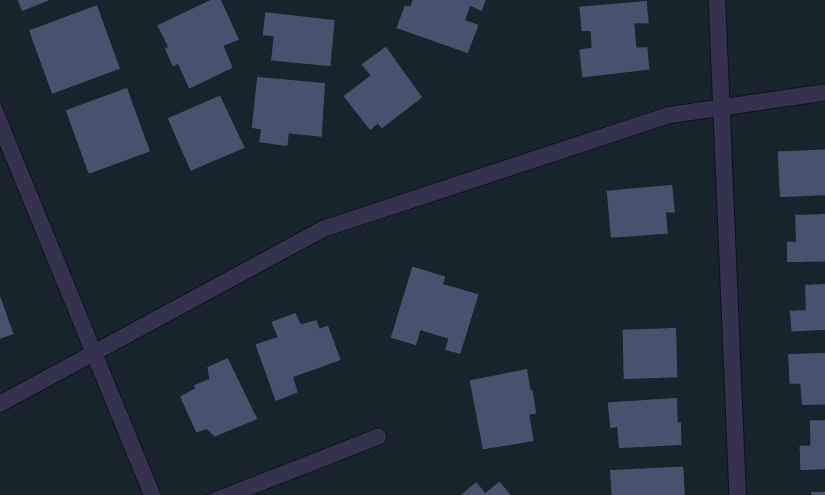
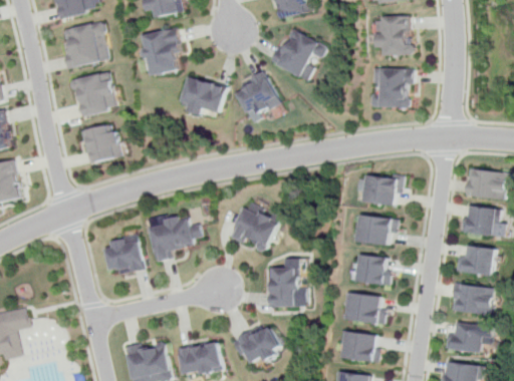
building: [262,11,335,67] -> none
building: [167,95,245,172] -> [81,122,122,162]
building: none -> [358,213,400,244]

